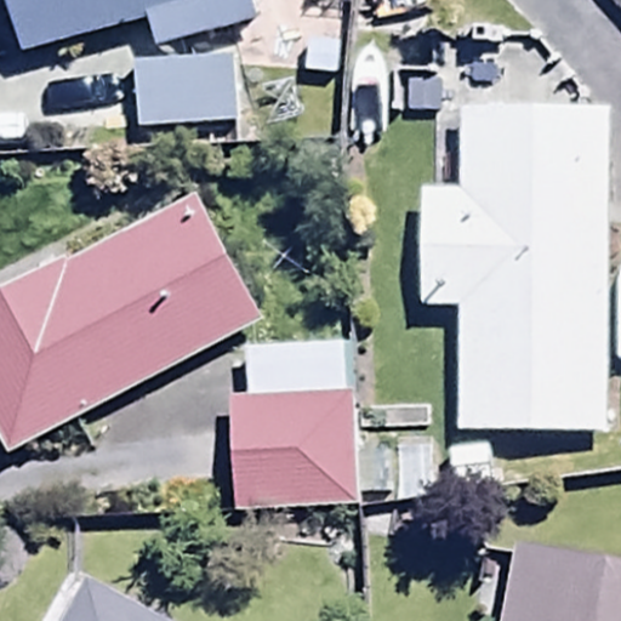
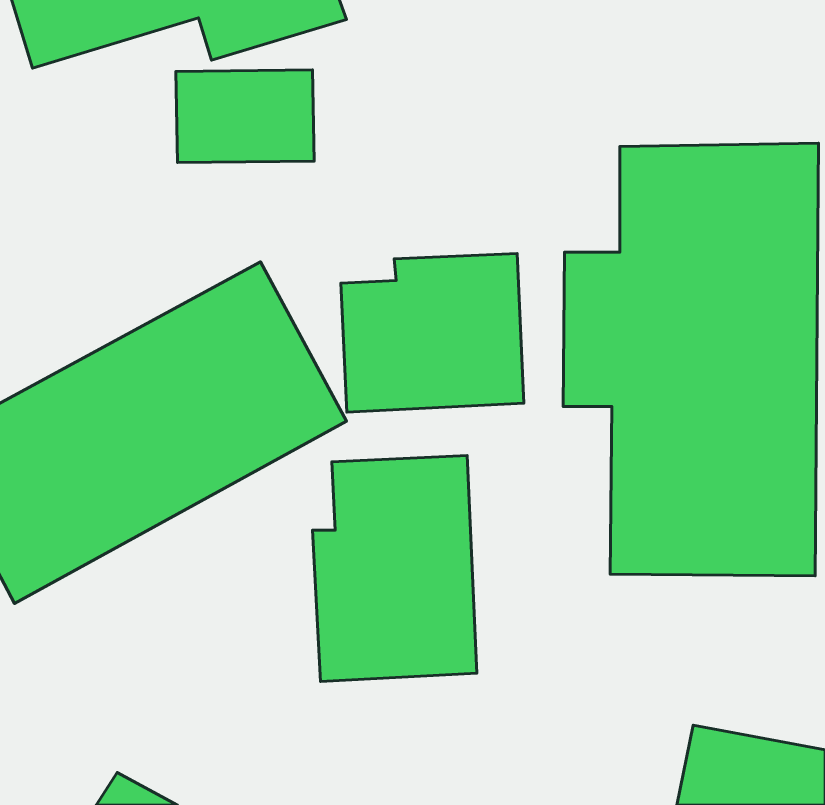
building: none -> [341,254,524,412]

